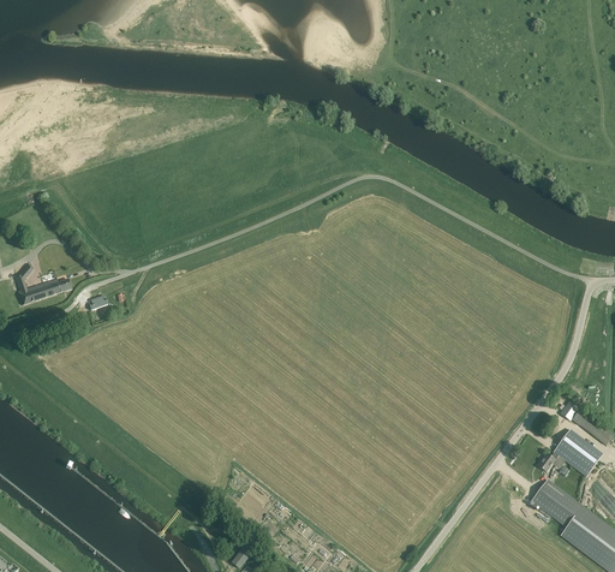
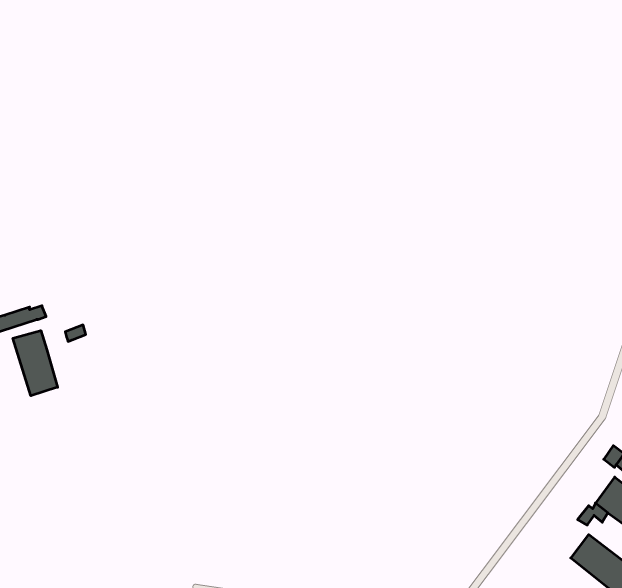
building: none -> [13,331,58,396]

